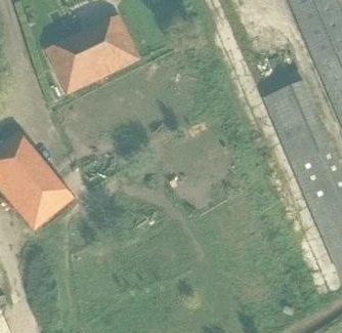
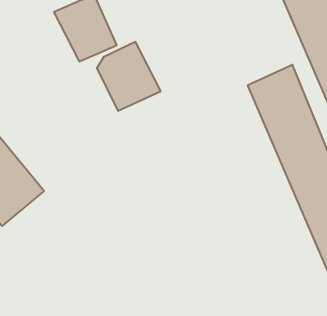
building: [46,28,105,92] -> [97,42,161,111]

